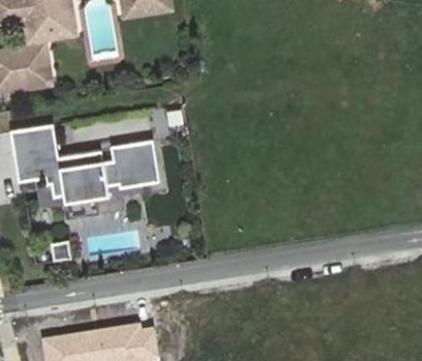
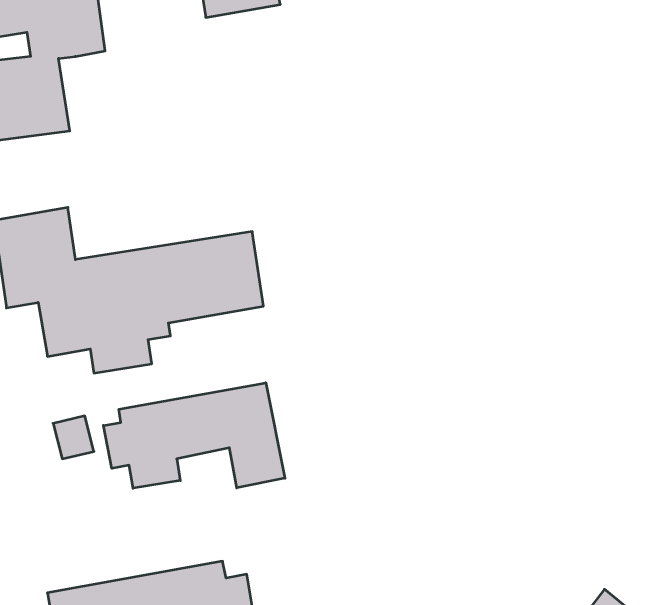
building: none -> [103,383,285,488]

